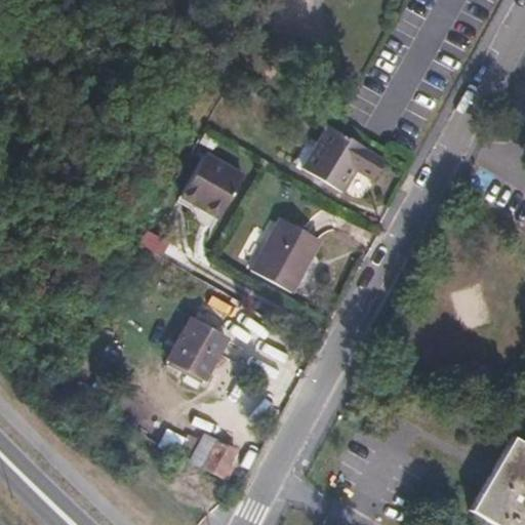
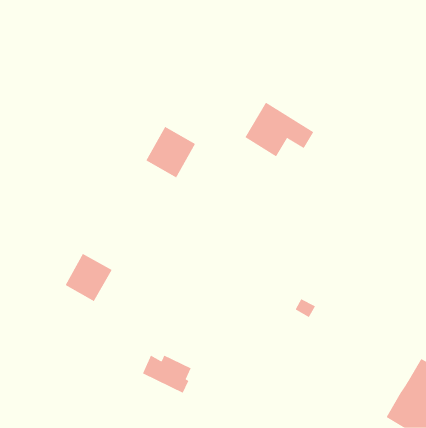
building: [252,218,320,292] -> none
building: [168,319,227,378] -> [65,253,113,302]

